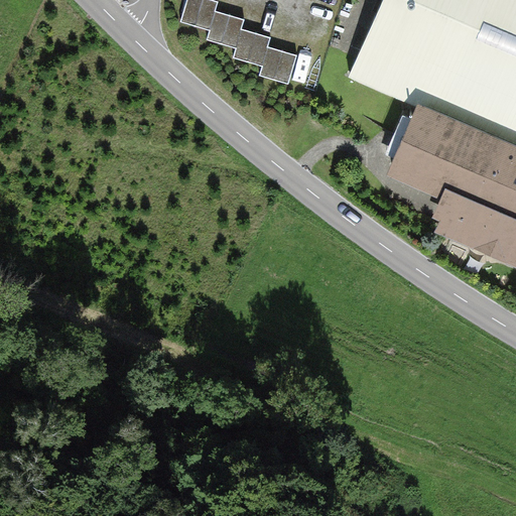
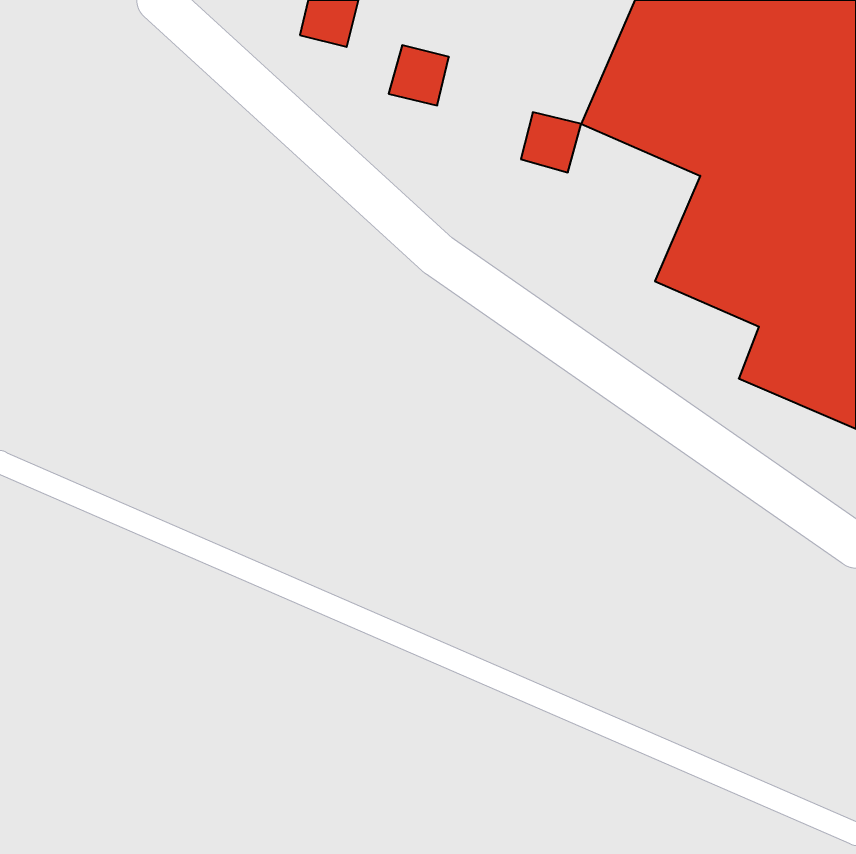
building: [208,11,243,47] -> none
building: [261,46,297,83] -> [521,112,581,172]

